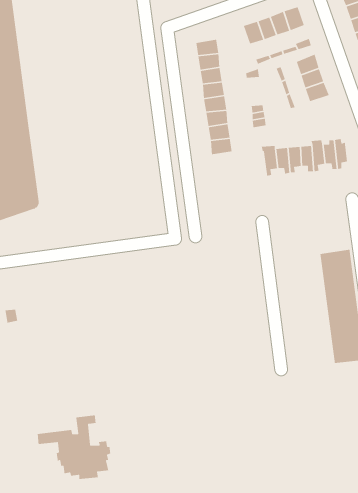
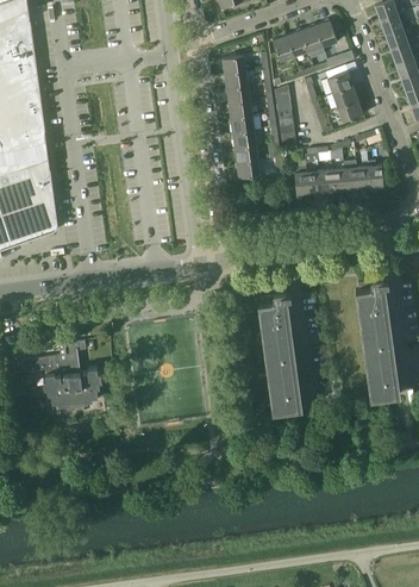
building: none -> [255,289,304,411]
building: [37,414,111,480] -> [23,339,101,408]

